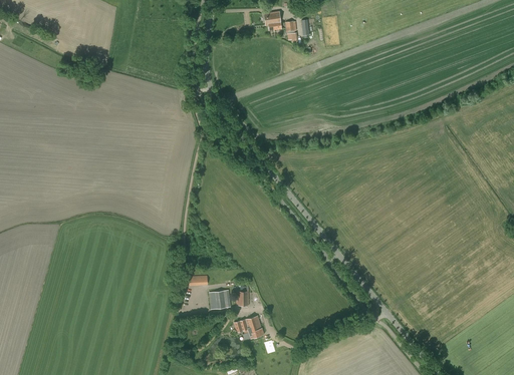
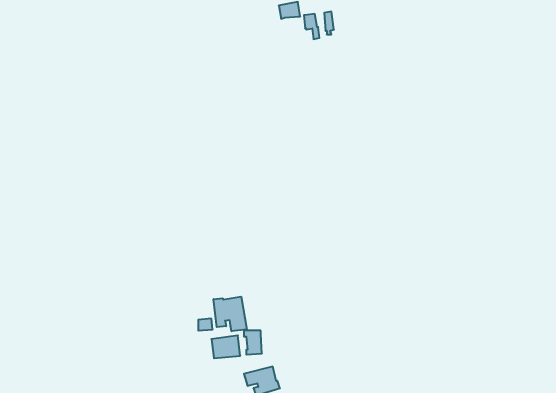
building: none -> [214,297,247,331]

